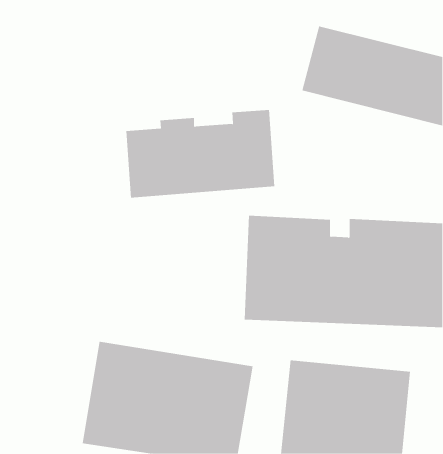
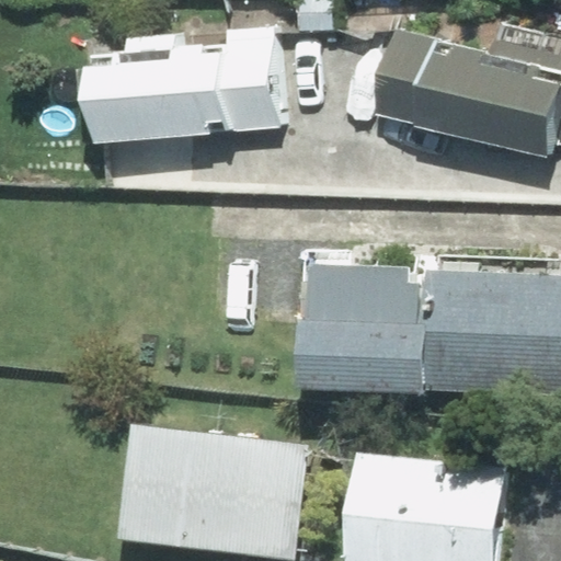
building: [126,109,275,198] -> [93,26,277,136]

